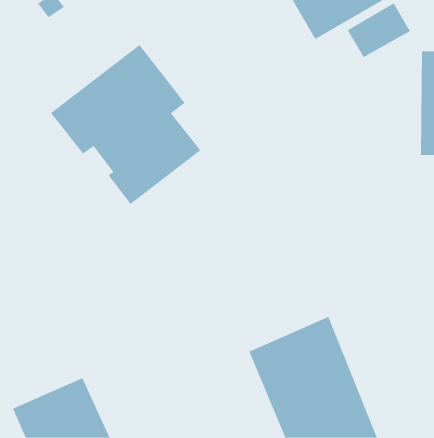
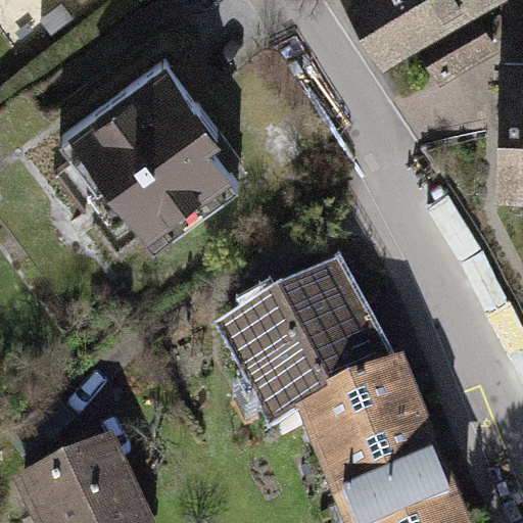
building: none -> [232,273,397,428]

